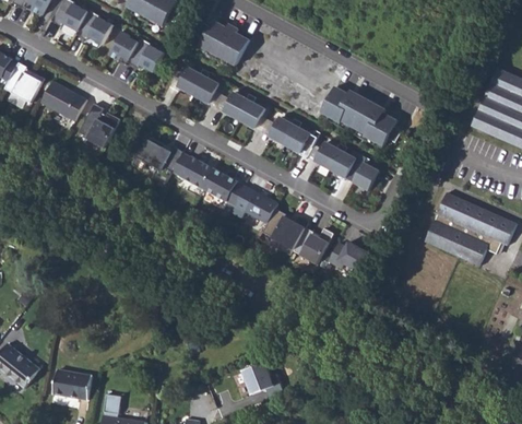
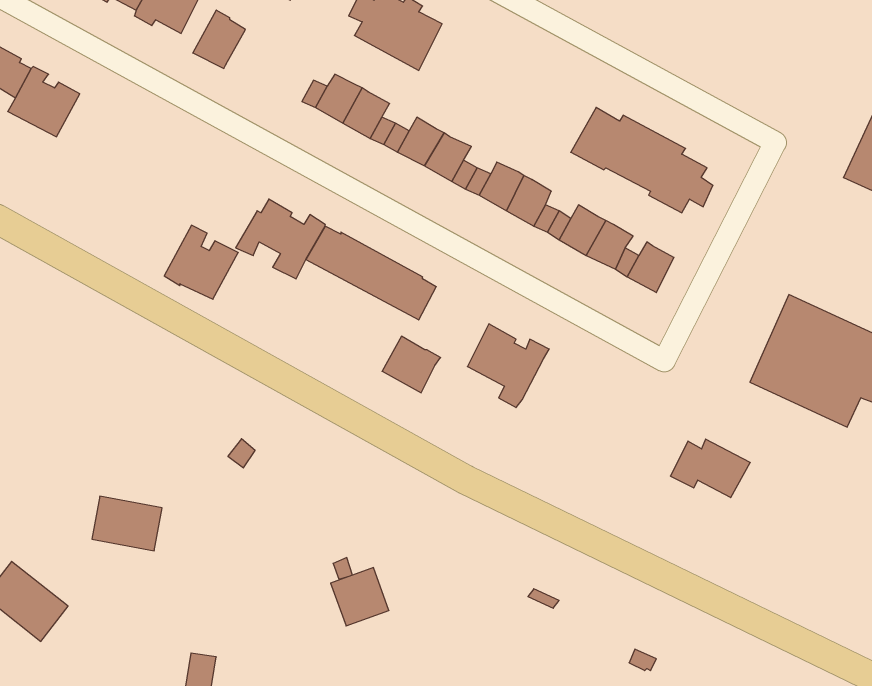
building: [127,38,164,73] -> none
building: [40,82,86,121] -> none
building: [79,104,120,145] -> [164,225,238,299]
building: [245,191,277,223] -> [382,336,441,393]
building: [293,226,334,263] -> none
building: [328,240,372,273] -> [670,439,750,498]
building: [242,361,275,393] -> [331,568,389,626]
building: [51,367,91,398] -> [92,496,162,551]

